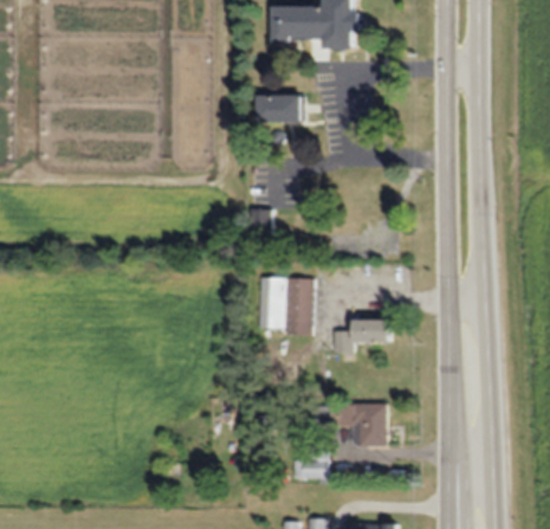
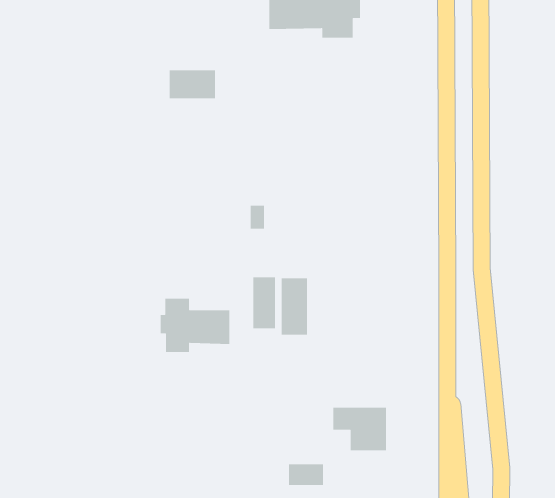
building: [257,95,302,123] -> [169,70,216,99]
building: none -> [160,298,230,353]
building: [331,318,389,351] -> none

